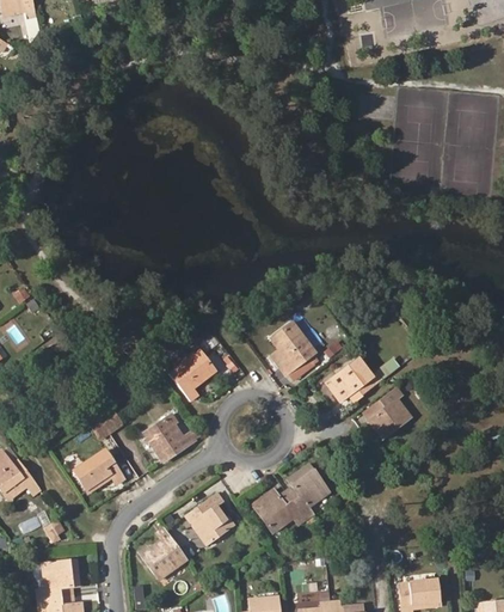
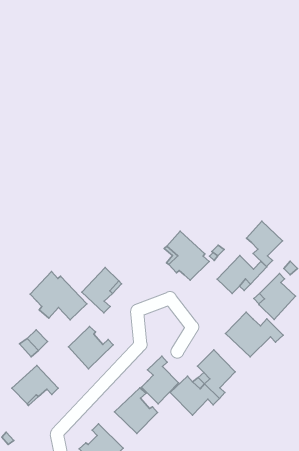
building: none -> [246,221,283,267]
building: none -> [30,272,87,320]
building: none -> [226,312,283,357]
building: none -> [141,356,178,404]

